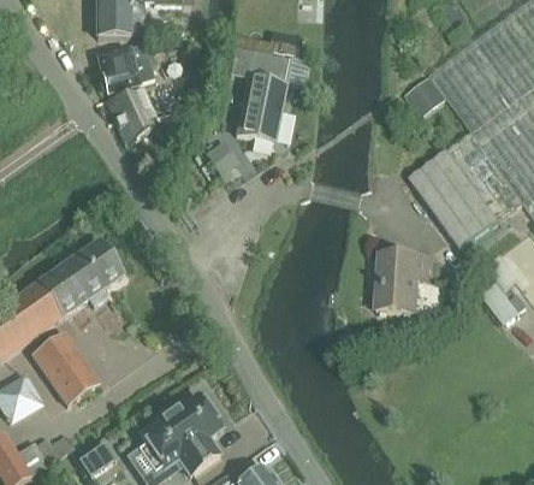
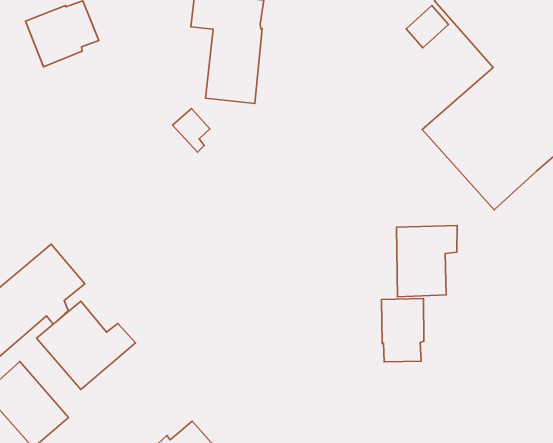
building: [106,89,158,147] -> none
building: none -> [36,301,135,389]
building: none -> [382,299,424,362]

